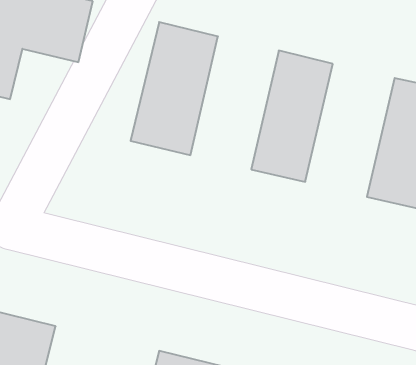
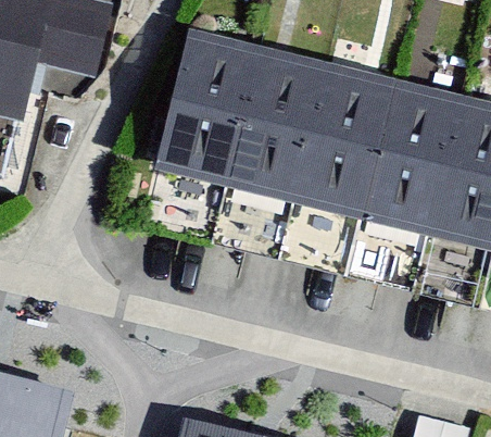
building: none -> [226,52,327,204]
building: none -> [357,84,459,236]

